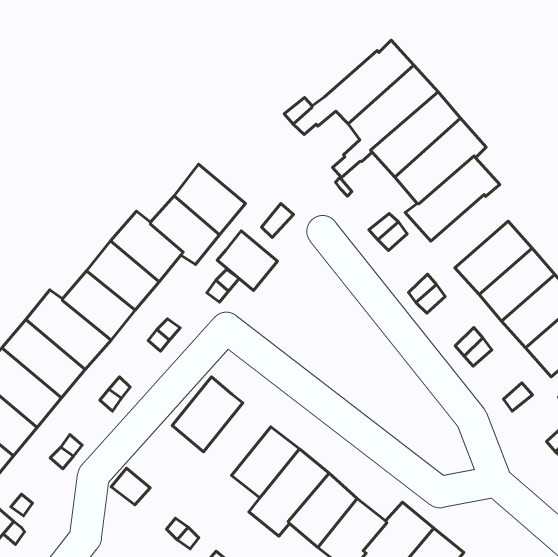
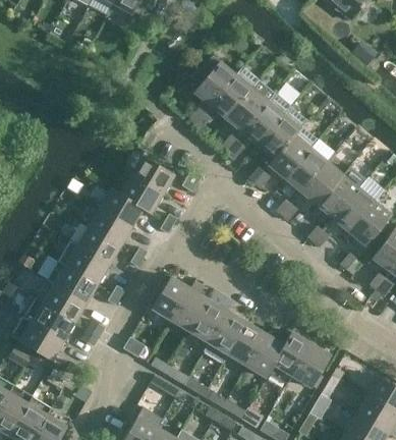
building: none -> [191,56,236,106]
building: none -> [284,148,327,193]
building: [217,231,278,291] -> none
building: none -> [172,282,209,332]

